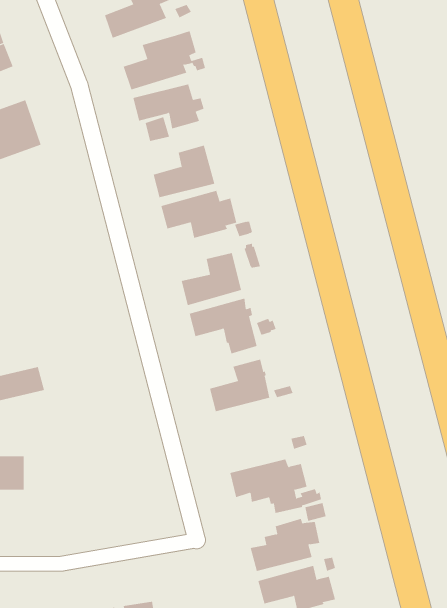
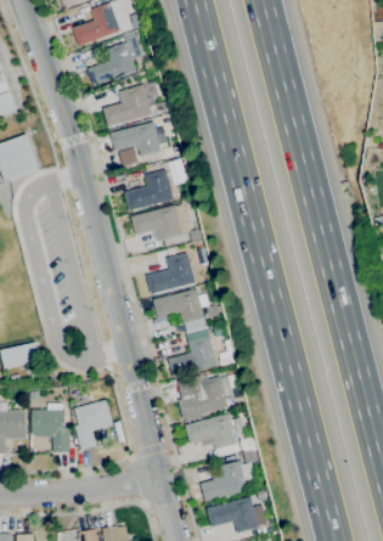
building: none -> [178,374,227,418]
building: none -> [74,399,113,450]
building: none -> [32,404,69,452]

